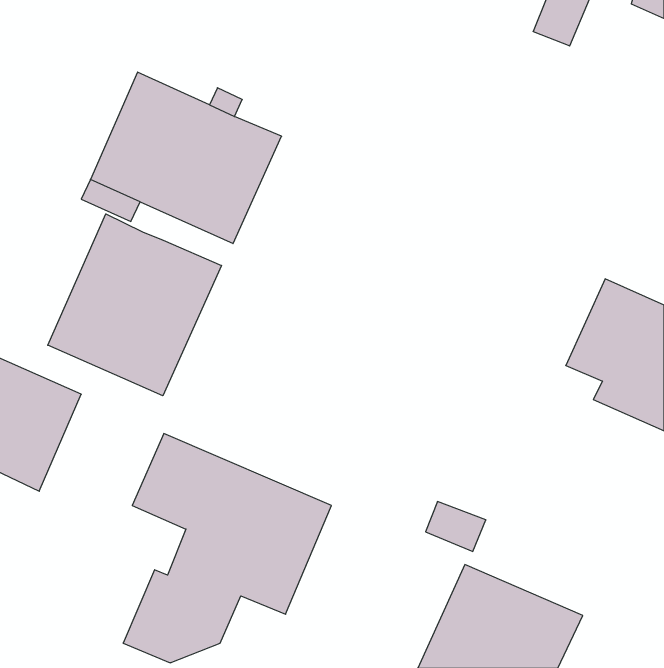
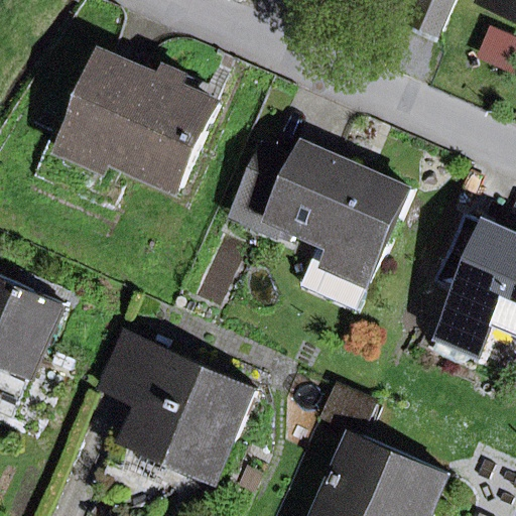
building: none -> [233,145,410,310]
building: [48,214,221,396] -> none

